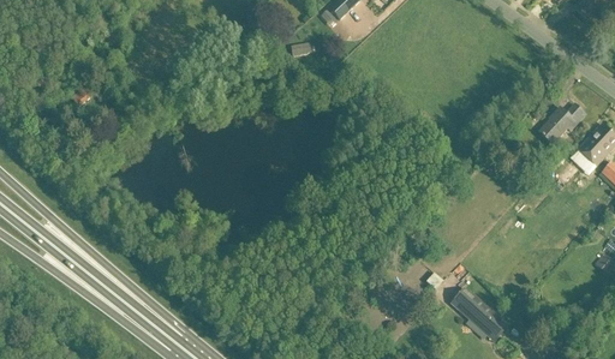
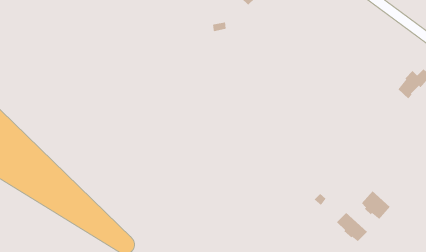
building: none -> [361,190,390,220]

